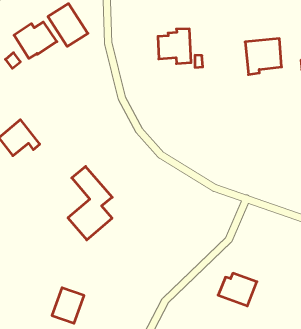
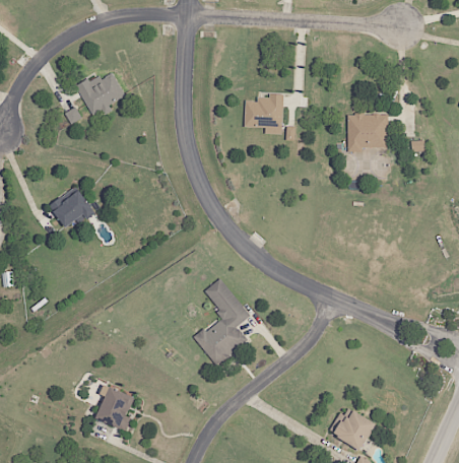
building: [48,4,88,46] -> none
building: [68,166,112,240] -> [195,278,249,365]
building: [218,273,257,306] -> [328,409,375,449]

